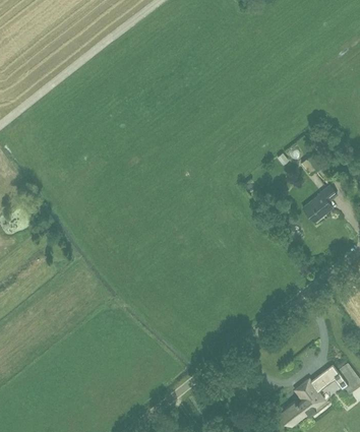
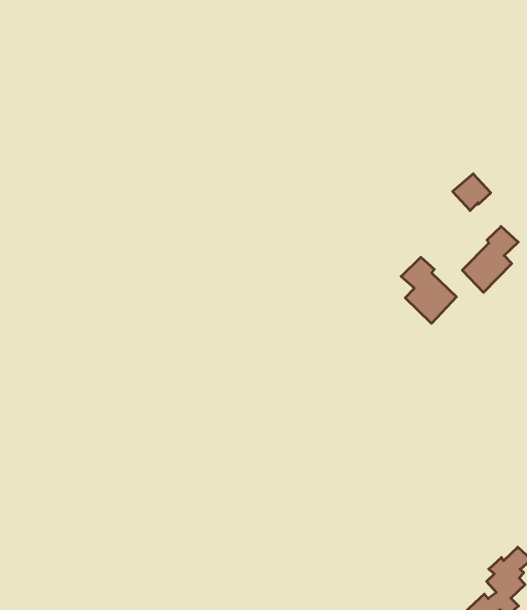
building: none -> [401,257,456,323]

